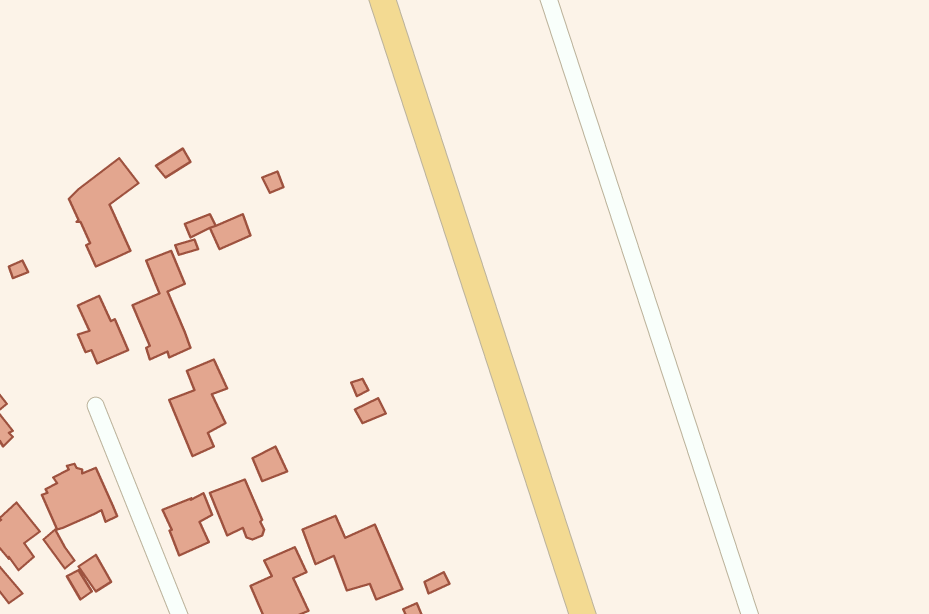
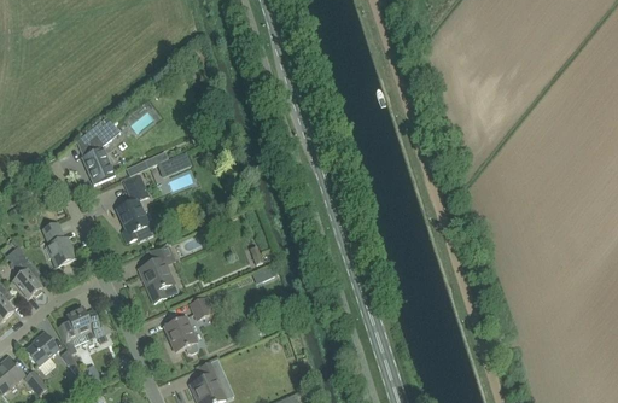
building: [78,296,128,364] -> [43,222,75,264]
building: [163,493,212,556] -> none
building: [303,516,403,599] -> none

